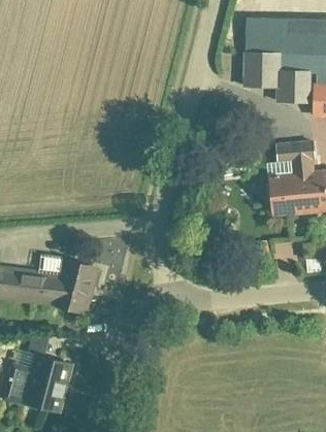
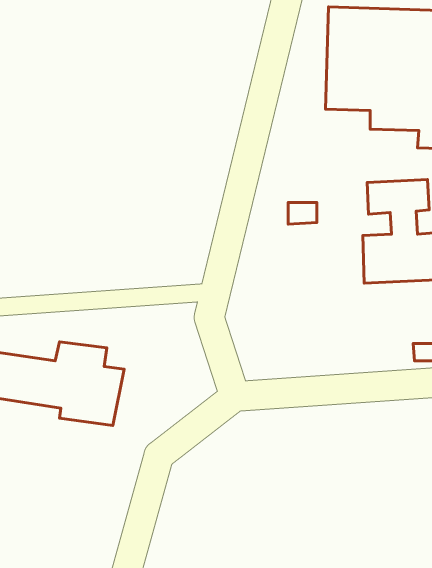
building: [15,352,70,411] -> none

